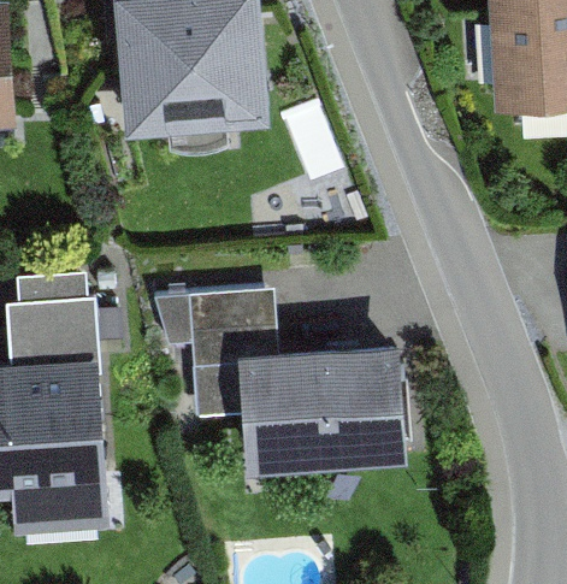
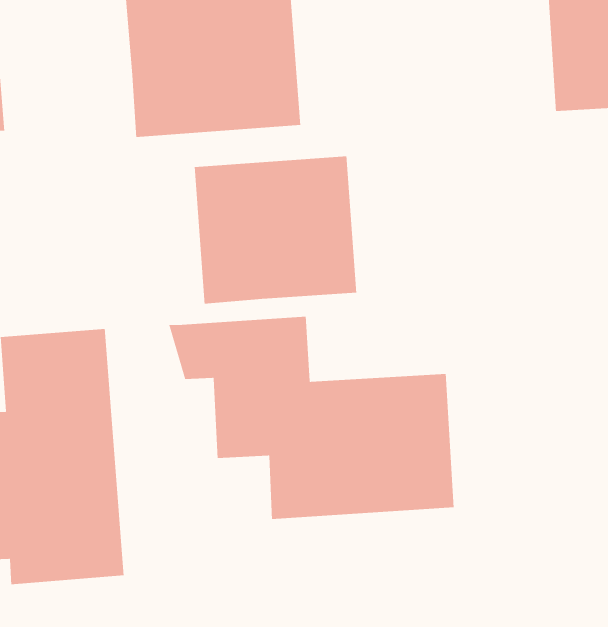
building: none -> [194,155,357,304]

